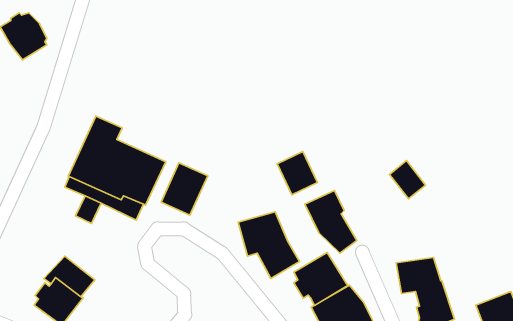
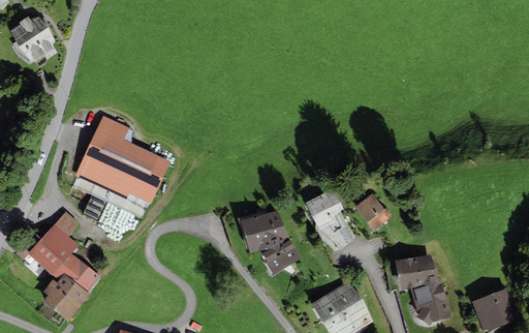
building: [277,152,317,195] -> none
building: [389,161,426,199] -> [355,193,391,231]
building: [161,163,208,215] -> none
building: none -> [15,212,79,275]
building: [294,253,348,305] -> none

